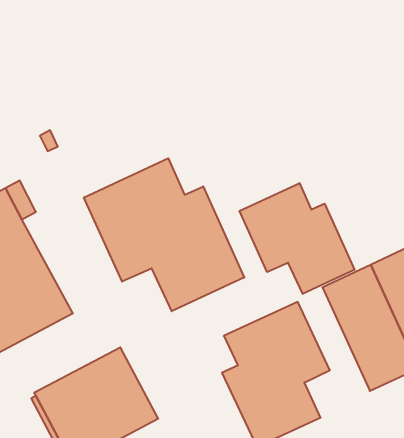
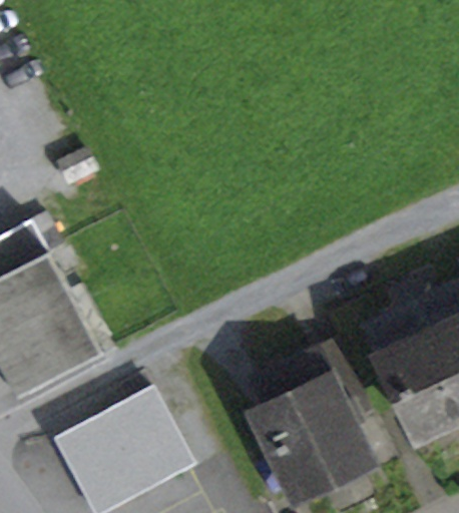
building: [84,158,244,311] -> none
building: [239,183,354,294] -> none

